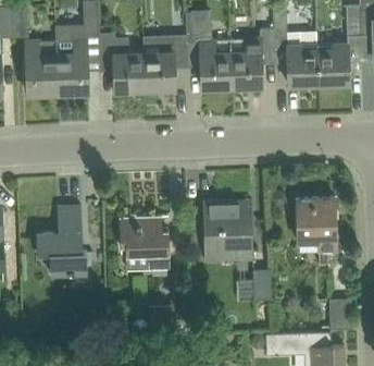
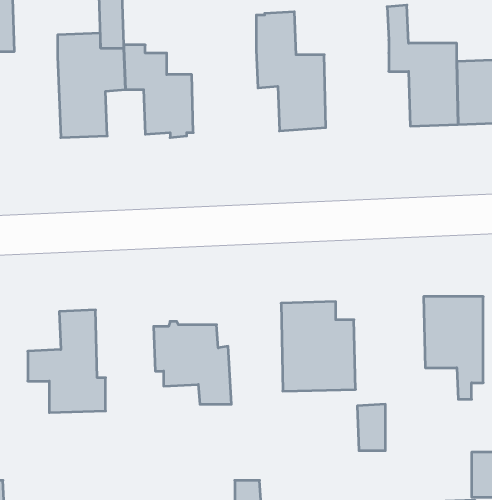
building: [232,28,274,86] -> none
building: [145,35,188,89] -> none
building: [26,39,59,94] -> none

